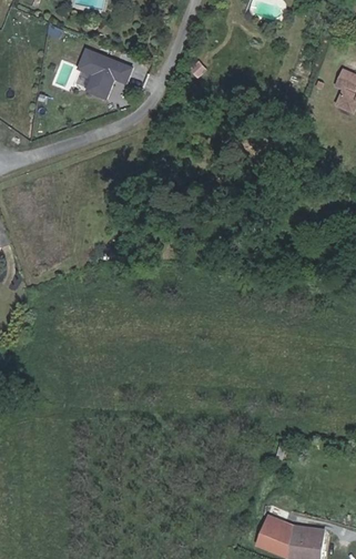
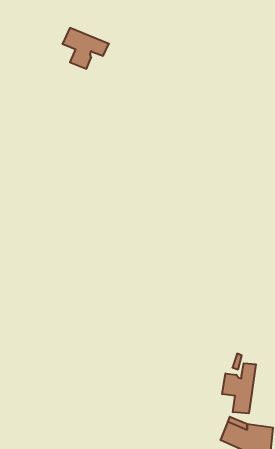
building: none -> [222,363,256,413]

